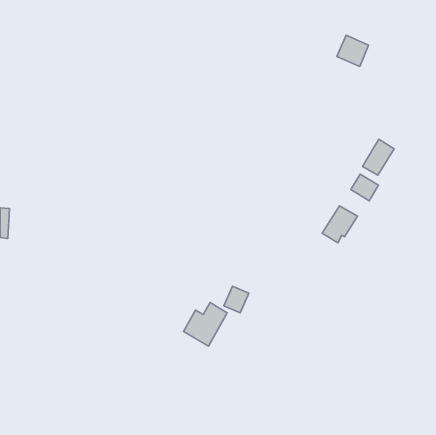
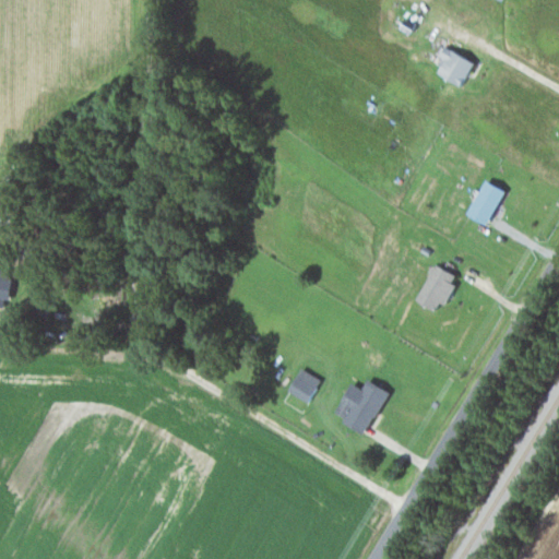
building: [351,174,378,201] -> none
building: [184,302,227,346] -> [332,378,388,433]

